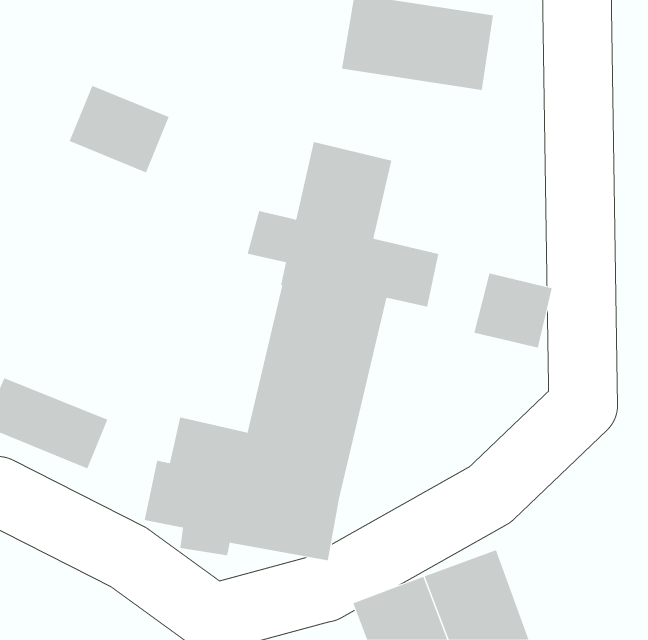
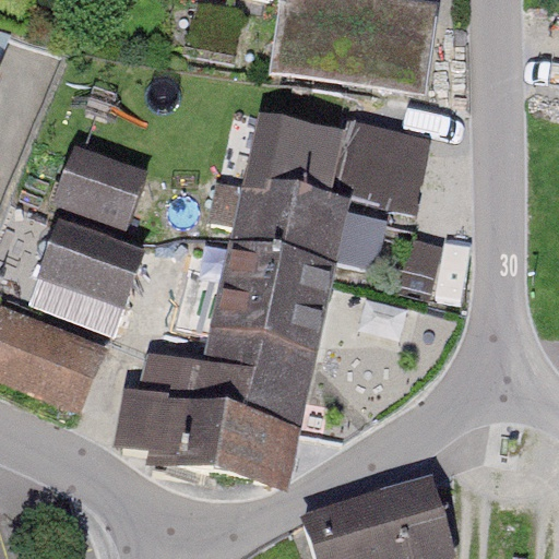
building: [69,85,169,173] -> [58,153,144,228]
building: none -> [335,120,423,210]
building: none -> [43,228,141,306]

